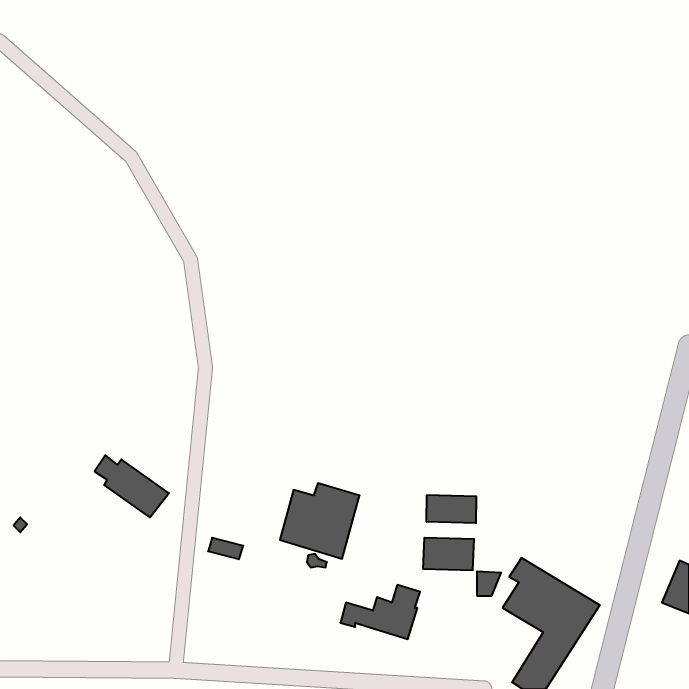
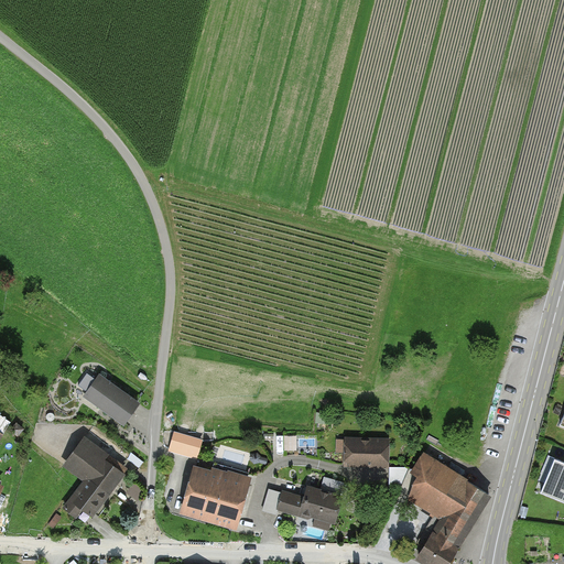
building: [280,483,360,559] -> [183,462,248,523]
building: [427,495,476,523] -> none
building: none -> [64,442,122,521]

